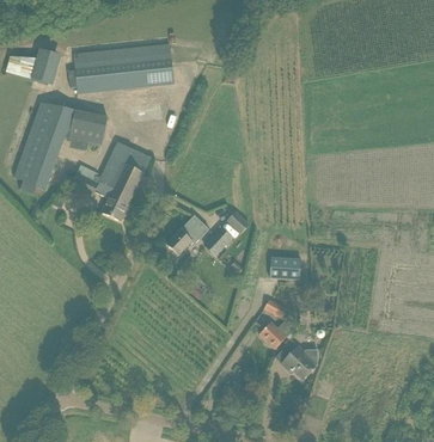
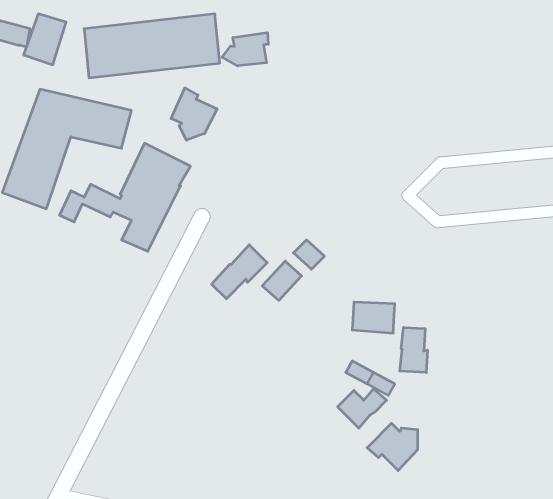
building: none -> [222,33,268,66]
building: none -> [171,88,217,140]
building: none -> [400,327,427,373]

